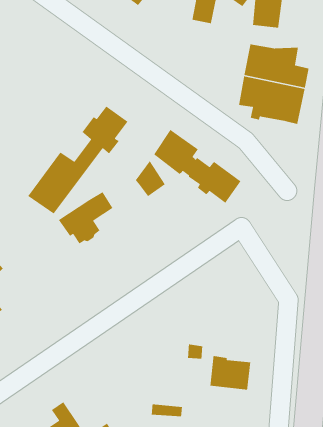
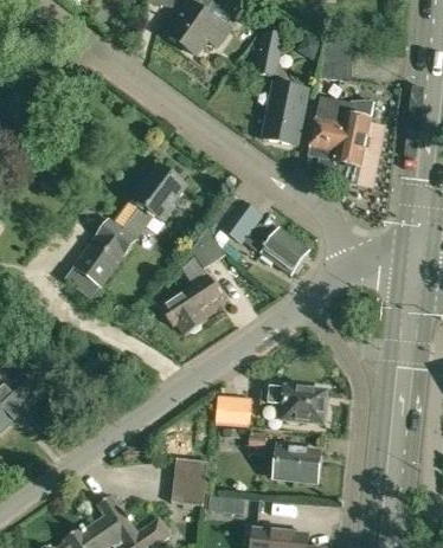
building: none -> [263,82,307,144]
building: [58,191,113,244] -> [160,275,222,334]
building: none -> [269,385,326,423]
building: none -> [214,393,252,426]
building: none -> [172,457,208,505]

